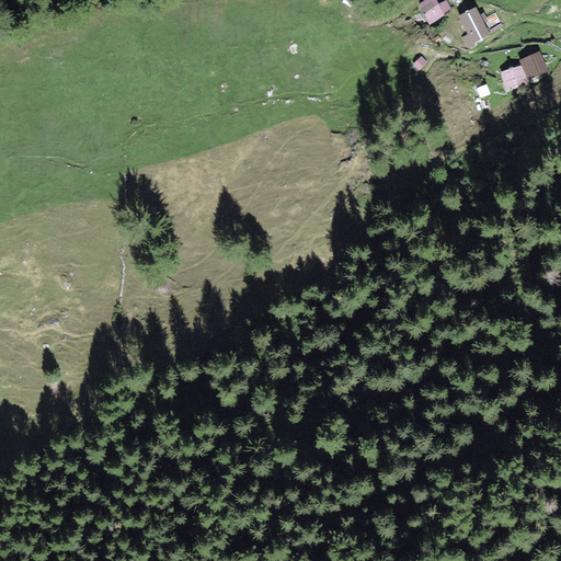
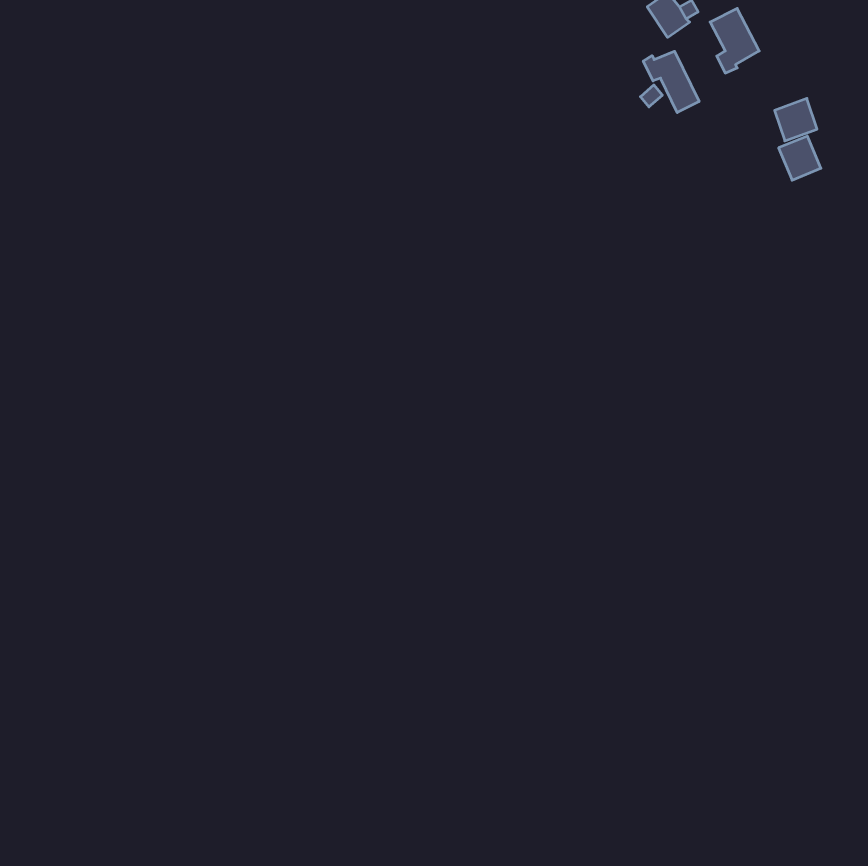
building: none -> [643,51,699,113]
building: [520,50,548,79] -> [779,136,821,180]

